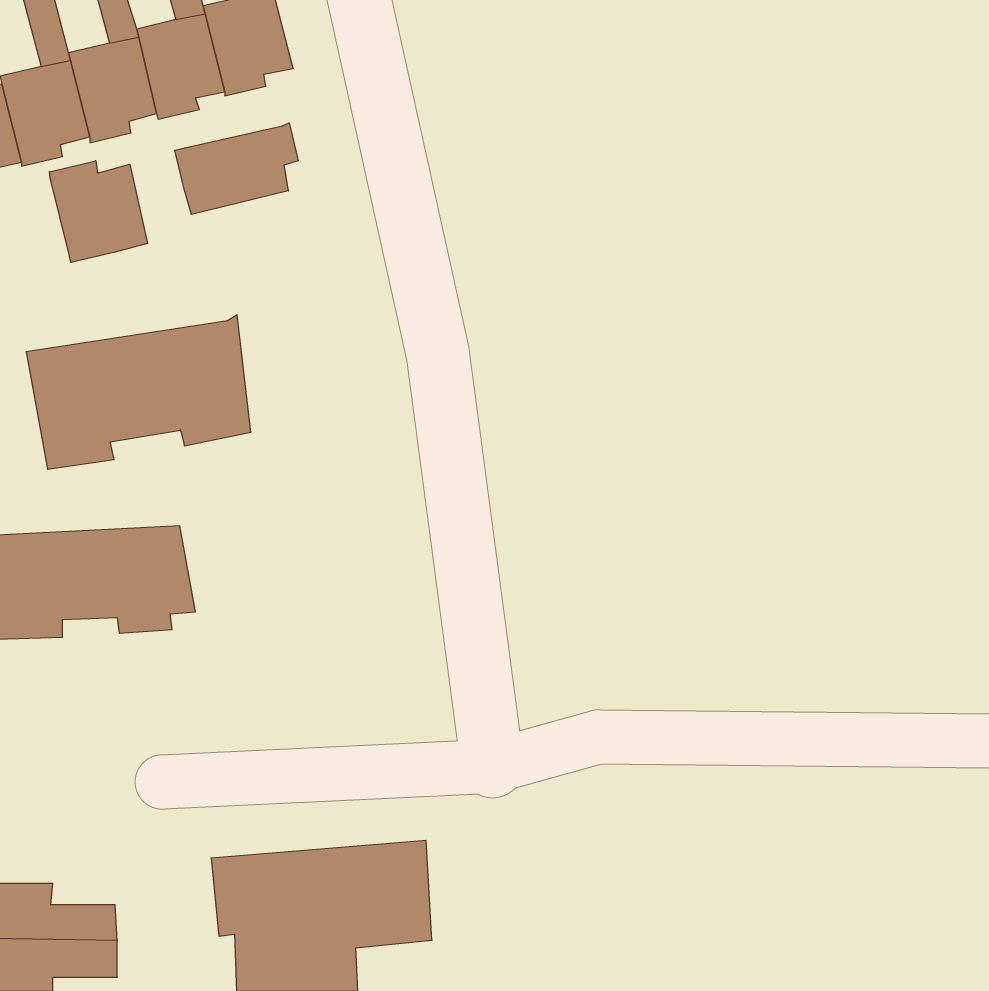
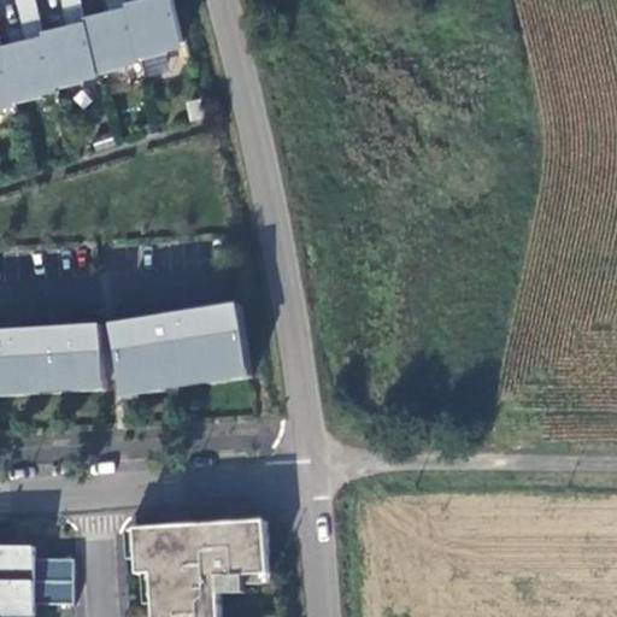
building: [175,123,298,214] -> none
building: [49,161,148,262] -> none
building: [26,315,251,469] -> [111,301,249,396]

